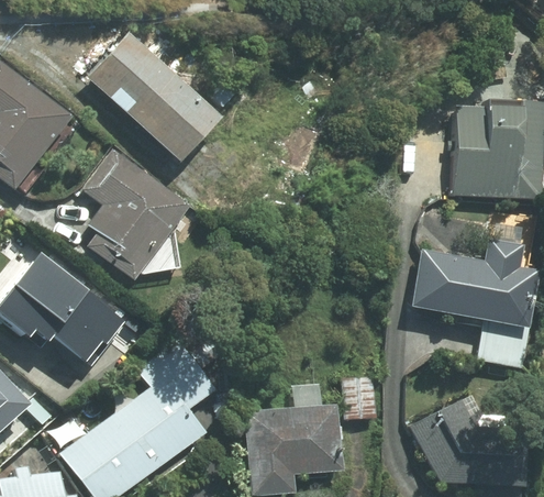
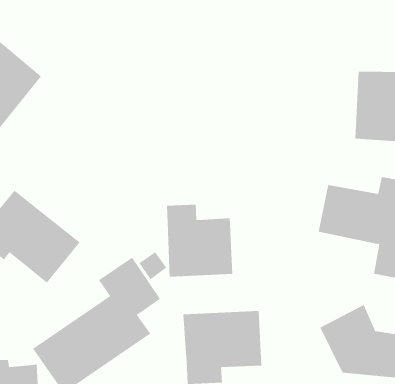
building: [86,32,219,163] -> none
building: [84,147,190,280] -> none
building: none -> [167,204,233,278]

